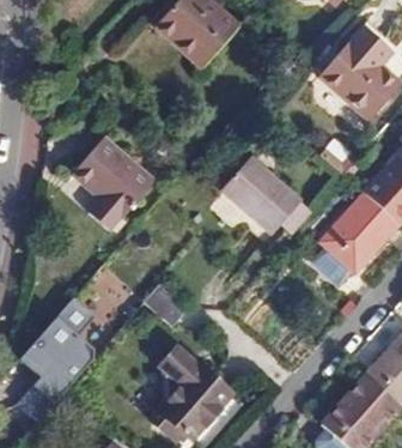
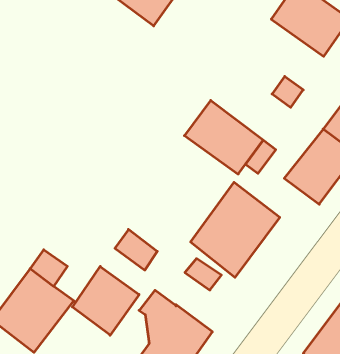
building: [71,134,156,231] -> none
building: none -> [191,182,280,277]
building: none -> [72,266,139,335]

